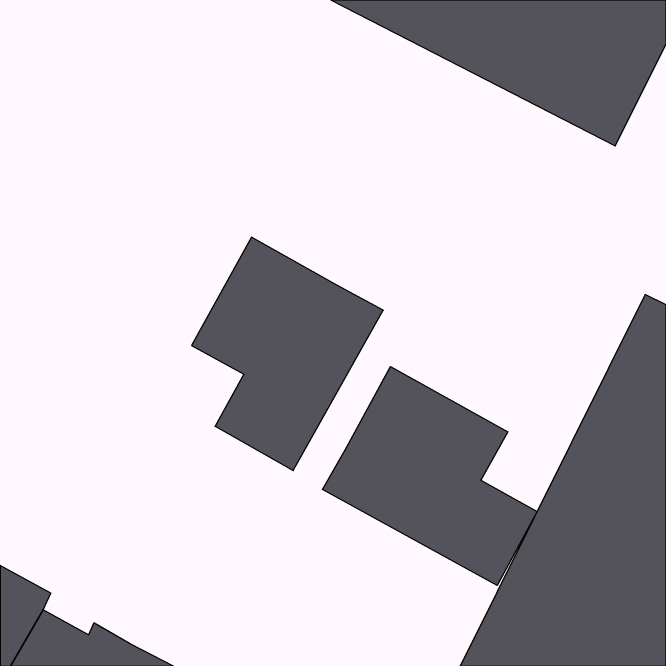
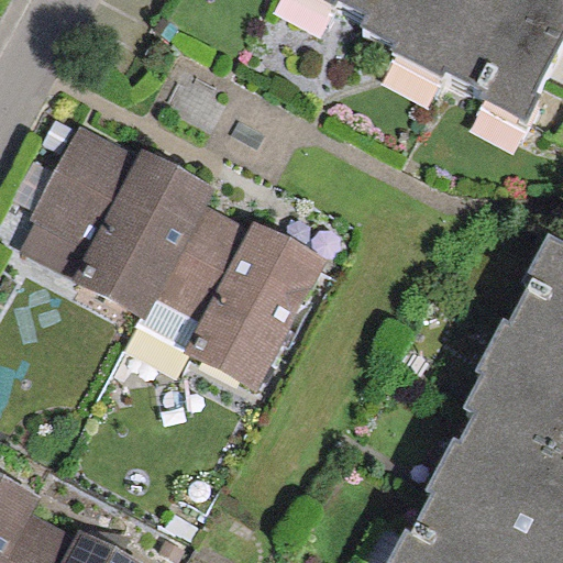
building: none -> [34,128,212,327]
building: [322,367,537,585] -> none

